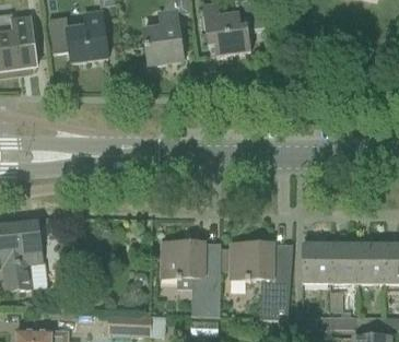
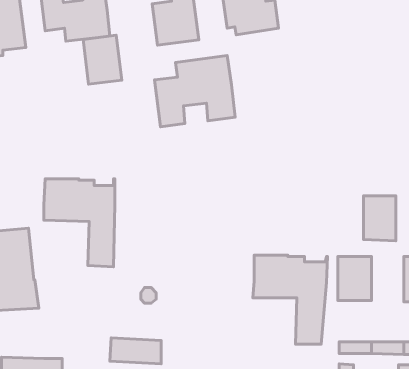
building: none -> [83,35,122,84]
building: none -> [155,56,235,127]
building: [160,241,220,316] -> [44,179,115,267]
building: [329,244,356,282] -> [363,196,396,241]

